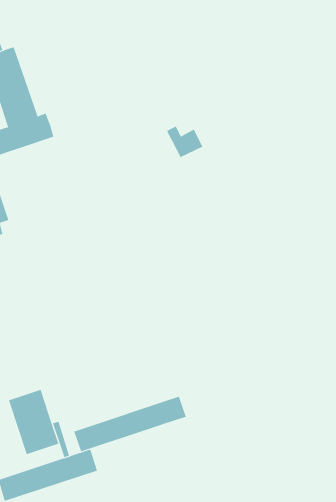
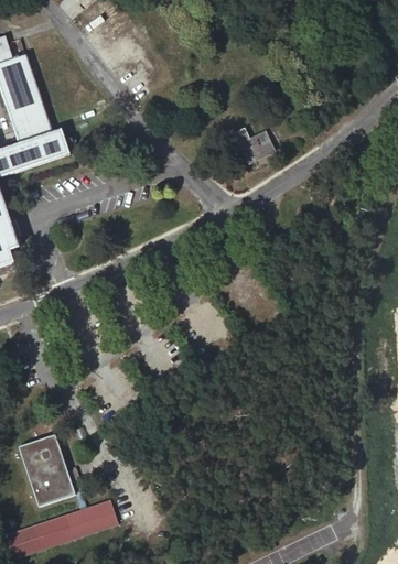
building: [166,126,203,158] -> [233,128,273,163]
building: [74,396,186,452] -> none

